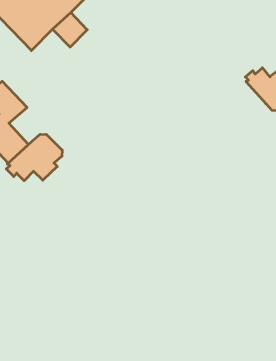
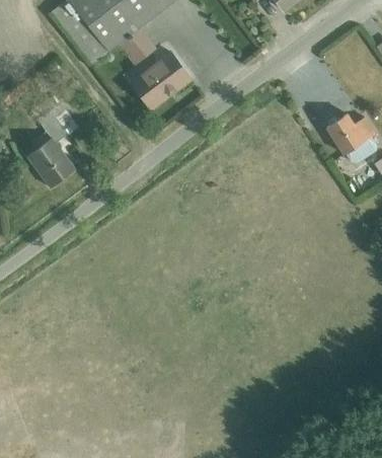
building: none -> [130,50,192,108]
building: [6,134,62,181] -> none

